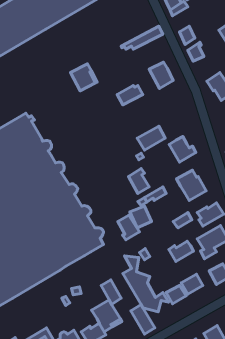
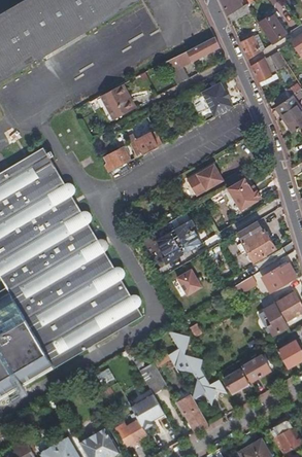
building: none -> [258,11,287,43]
building: [117,86,143,105] -> [129,132,162,156]
building: none -> [102,146,130,173]
building: [118,215,139,240] -> [156,232,183,263]
building: [169,241,193,262] -> none

